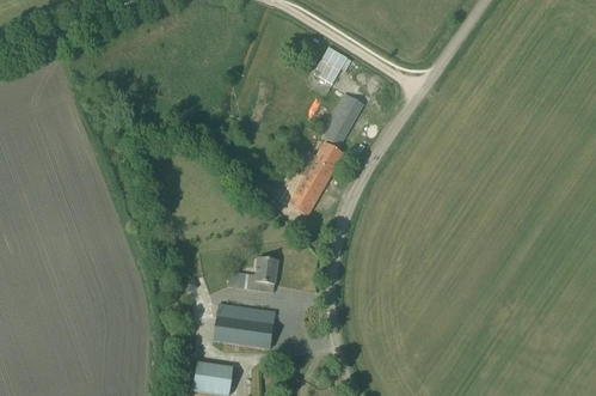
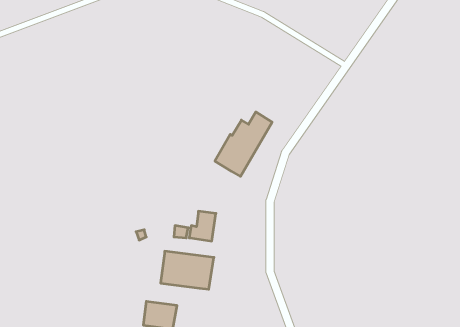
building: [314,45,354,83] -> none
building: [320,93,364,147] -> none

